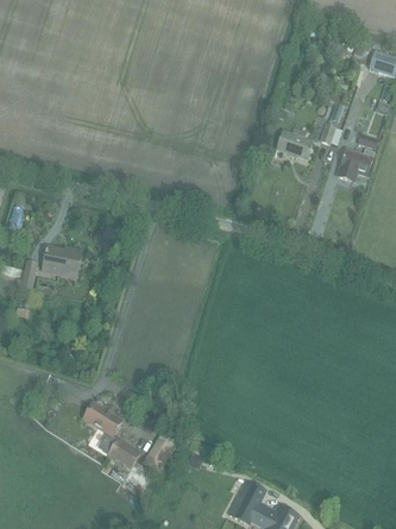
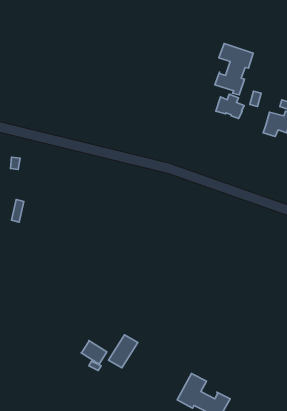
building: none -> [215,43,253,95]
building: [43,245,81,278] -> none
building: [83,402,121,452] -> none

